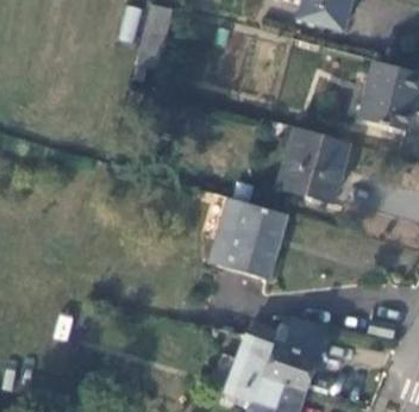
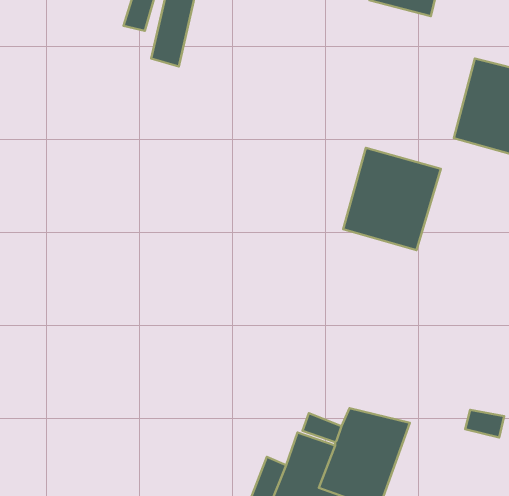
building: [210,199,286,280] -> none

